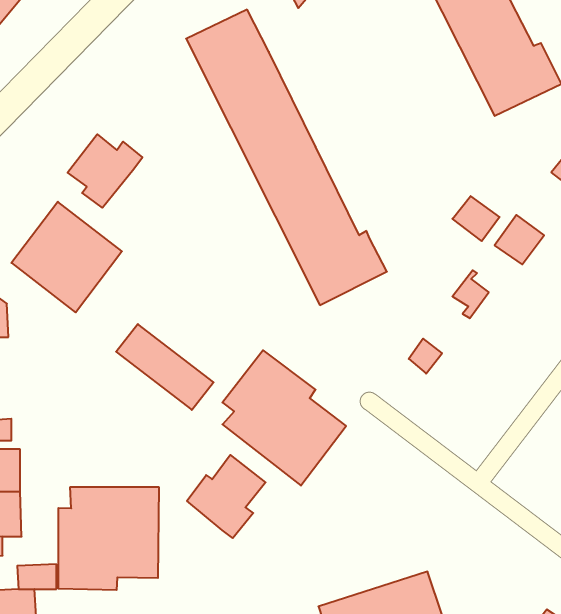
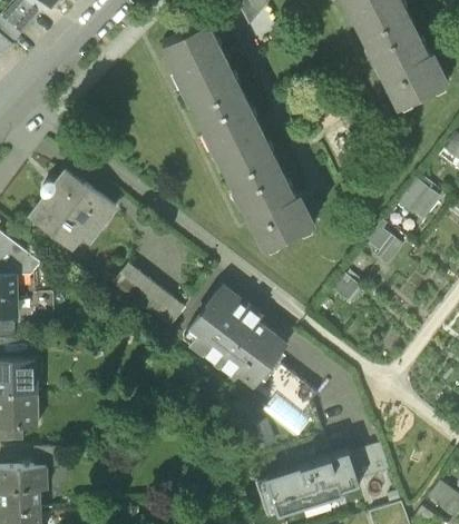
building: [68,134,142,208] -> none
building: [452,196,500,241] -> none
building: [187,455,266,538] -> none
building: [58,487,159,590] -> none

